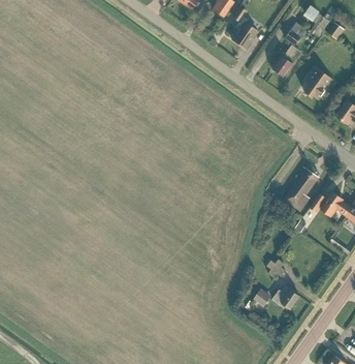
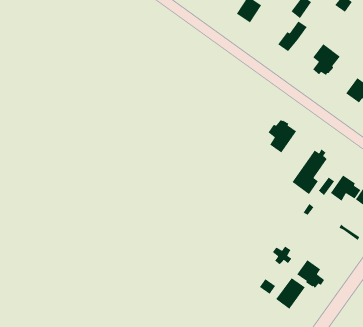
building: none -> [268,119,297,153]
building: none -> [296,259,325,289]

